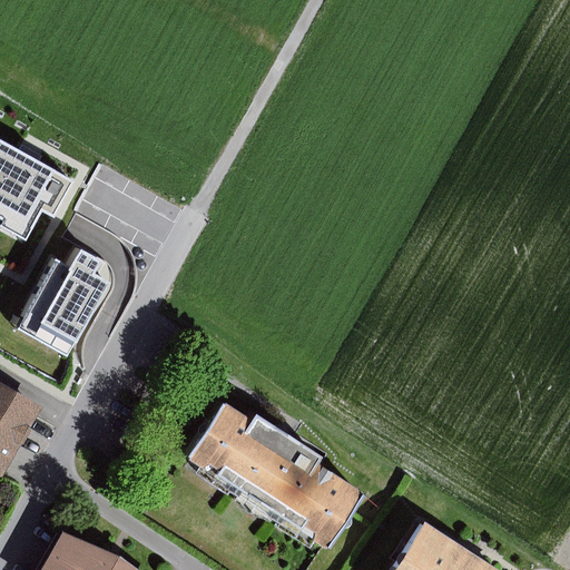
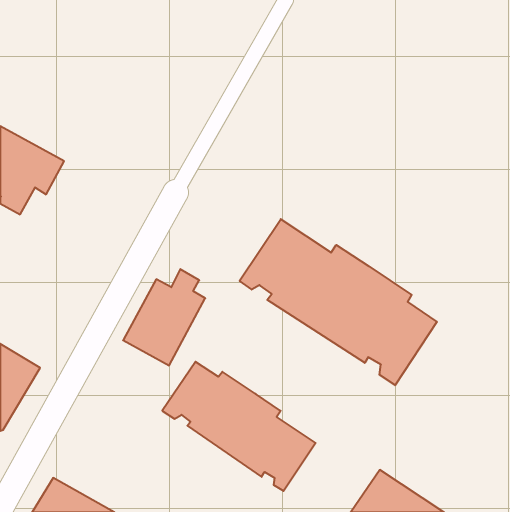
building: none -> [240,219,437,385]
building: [18,247,109,354] -> [123,269,205,365]

